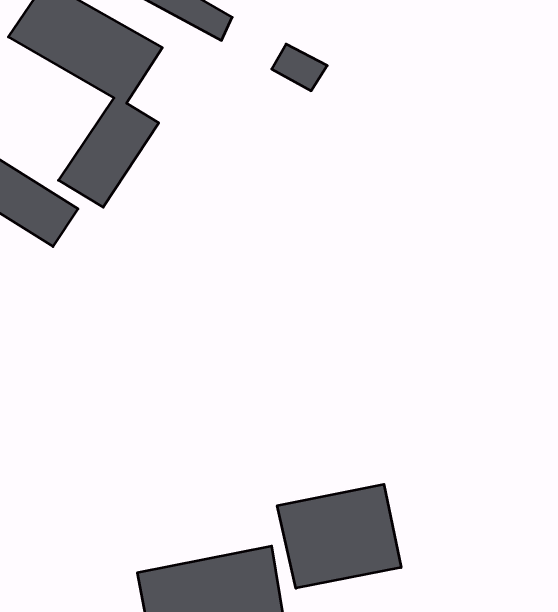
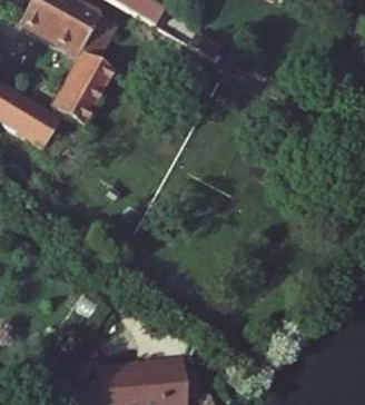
building: [277,484,401,588] -> none

